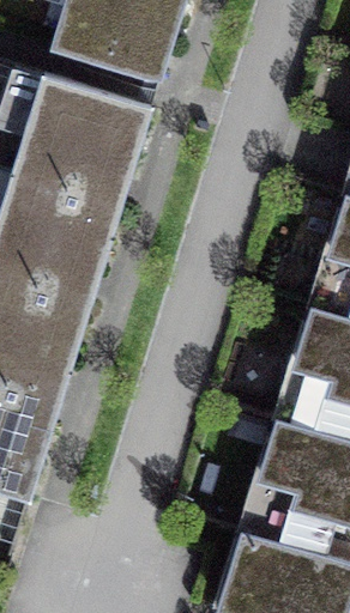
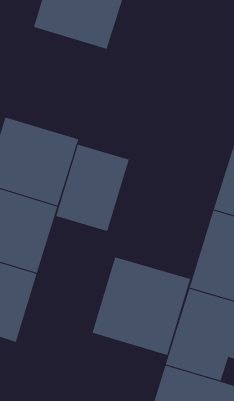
building: [13,74,150,206] -> none
building: none -> [56,144,129,232]
building: none -> [92,257,191,356]

